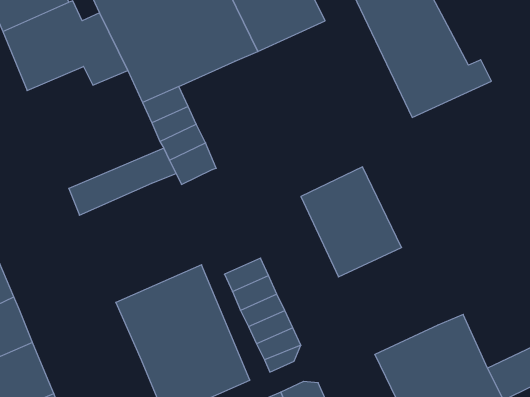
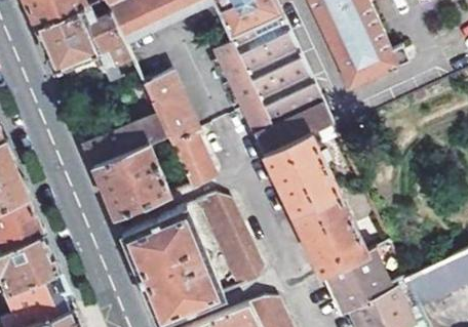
building: none -> [212,18,329,153]
building: none -> [171,132,211,185]
building: none -> [93,142,170,217]
building: none -> [291,192,367,274]

